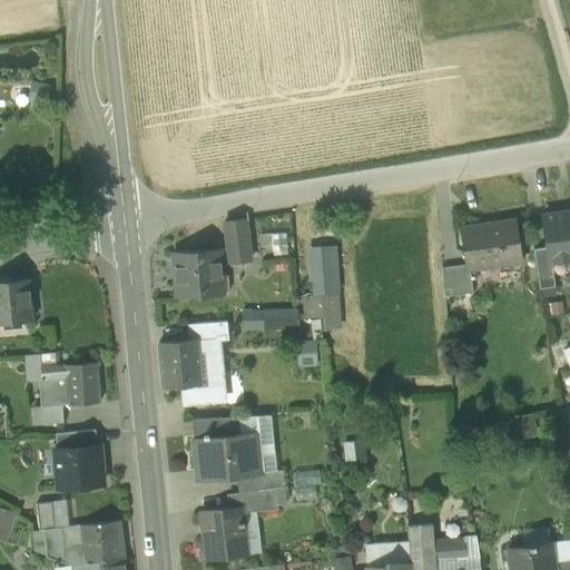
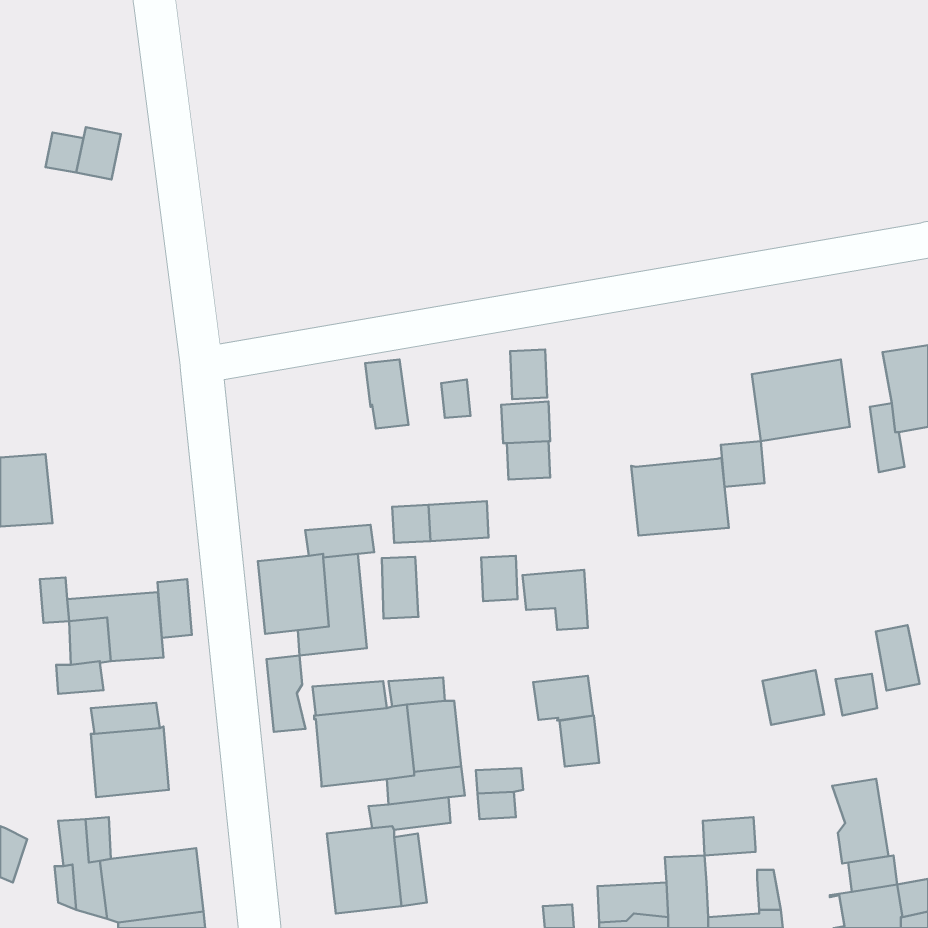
building: none -> [76,127,121,180]
building: none -> [510,350,547,399]
building: [175,250,222,298] -> none
building: none -> [631,458,729,536]
building: [302,294,342,331] -> [523,570,588,630]
building: none -> [382,557,418,618]
building: none -> [157,579,192,638]
building: none -> [876,625,920,690]
building: none -> [267,656,305,732]
building: none -> [762,670,824,725]
building: none -> [533,676,593,720]
building: none -> [832,779,889,864]
building: [433,539,465,562] -> [703,817,755,855]

